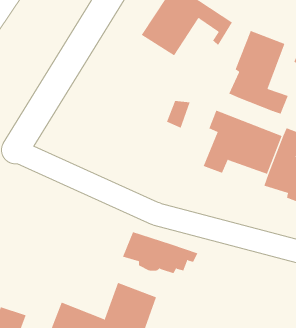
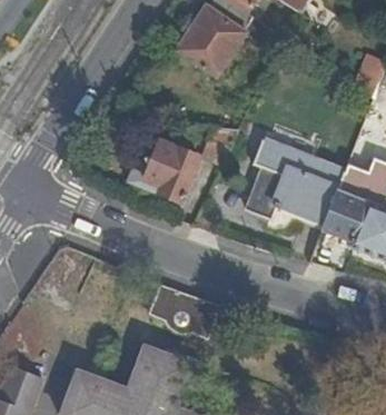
building: [228,30,288,114] -> none
building: none -> [128,138,200,200]

